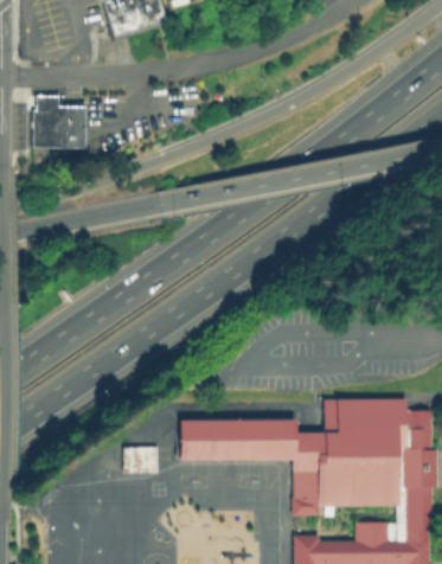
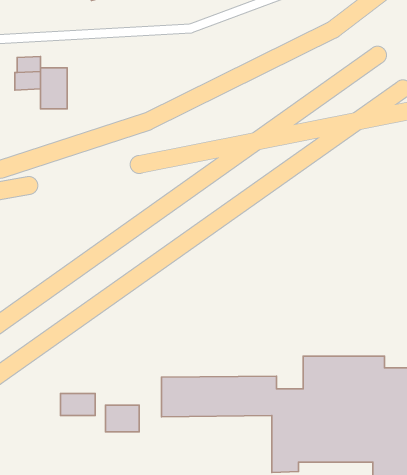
building: [31,126,57,146] -> none
building: none -> [61,393,95,415]

